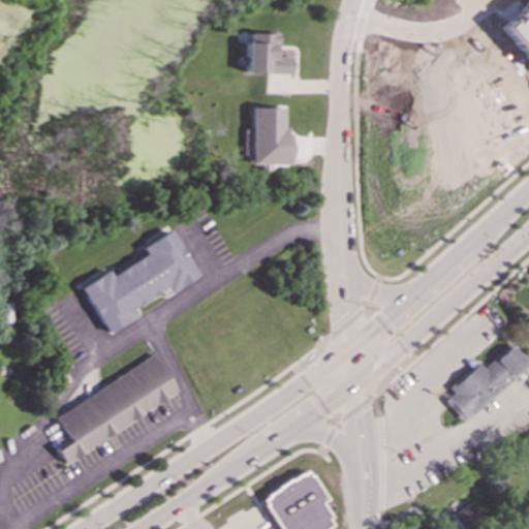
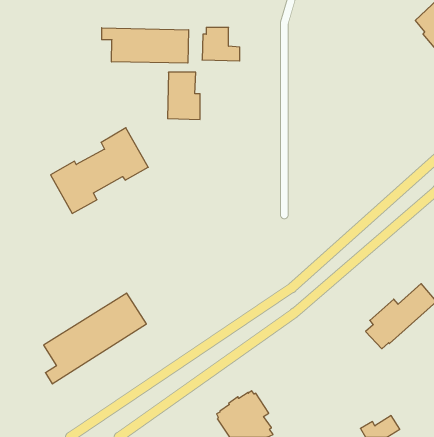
building: none -> [102,28,189,63]
building: [254,107,293,164] -> [168,72,200,119]
building: [83,229,200,333] -> [51,128,148,213]

